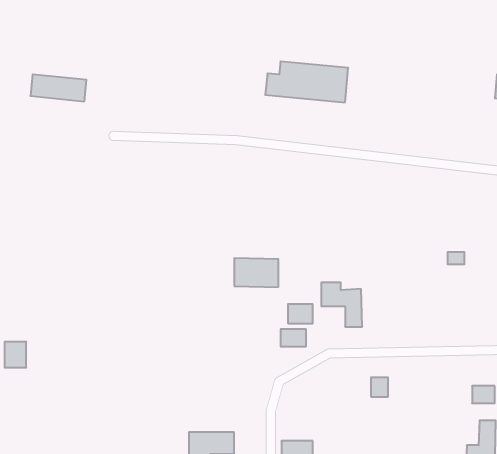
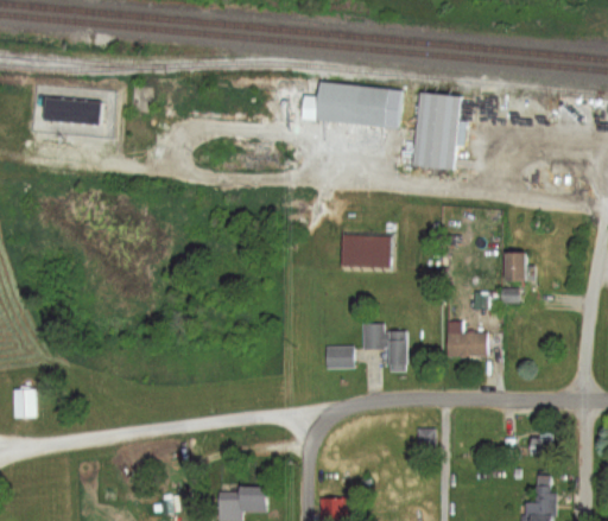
building: none -> [411,91,470,169]
building: none -> [502,252,525,282]
building: [234,258,278,287] -> [341,235,390,267]
building: none -> [446,332,487,356]
building: [281,329,306,347] -> none

